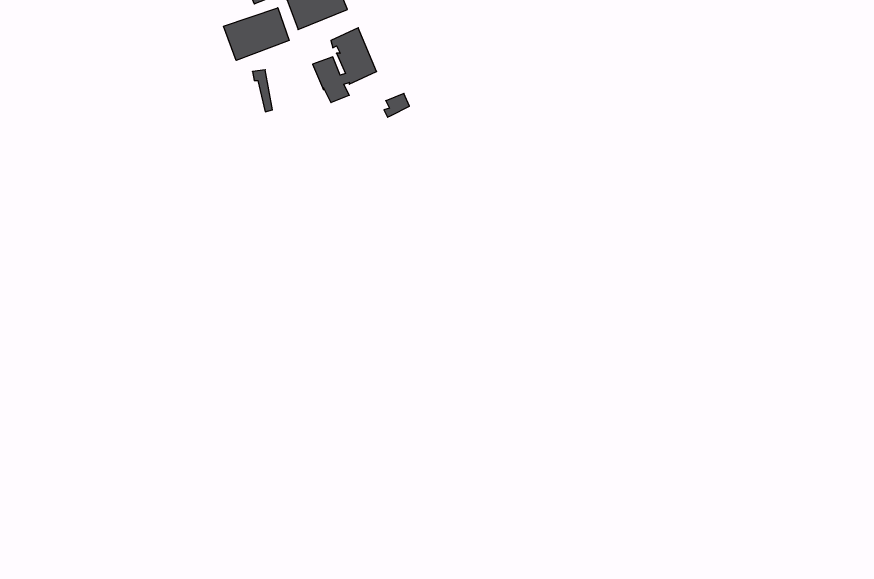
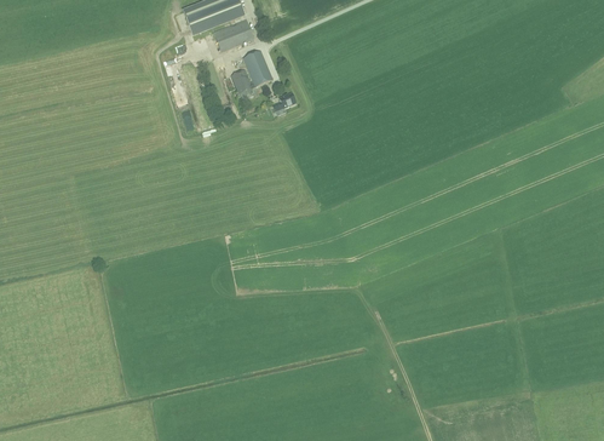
building: [223,8,289,60] -> none

